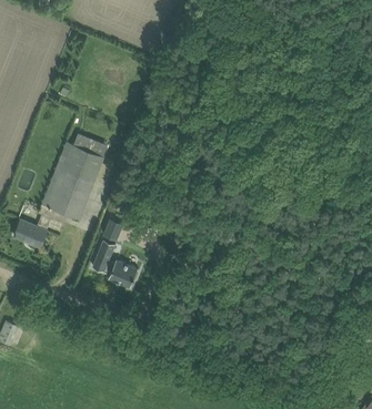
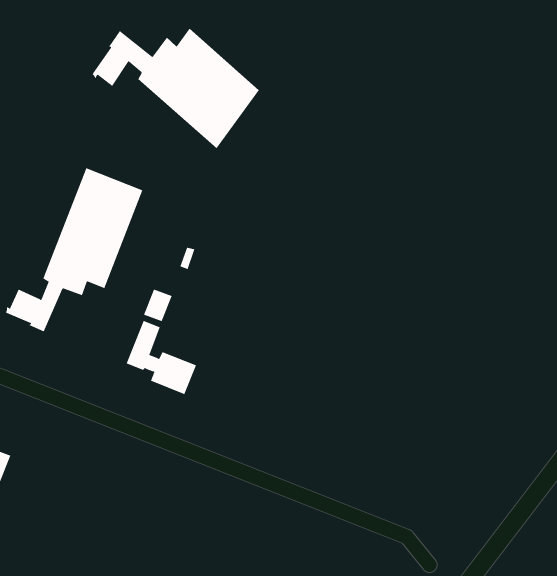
building: none -> [90,28,259,149]

